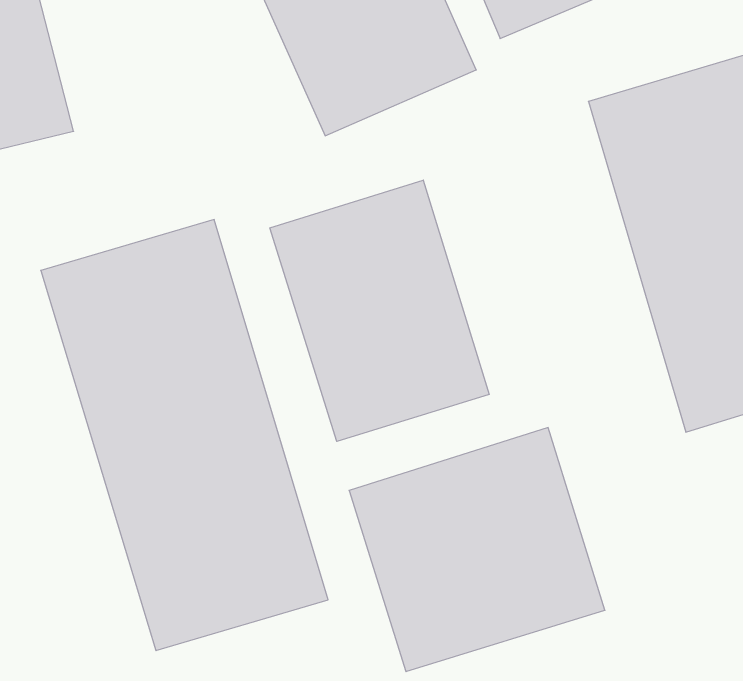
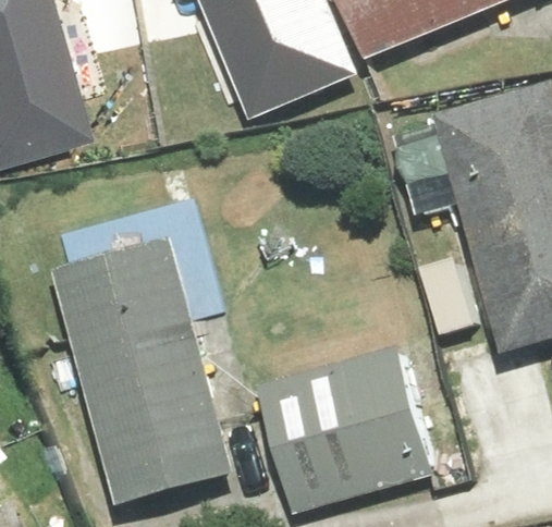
building: [270,180,489,441] -> none

